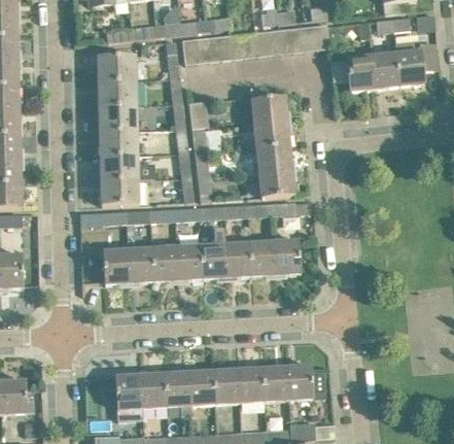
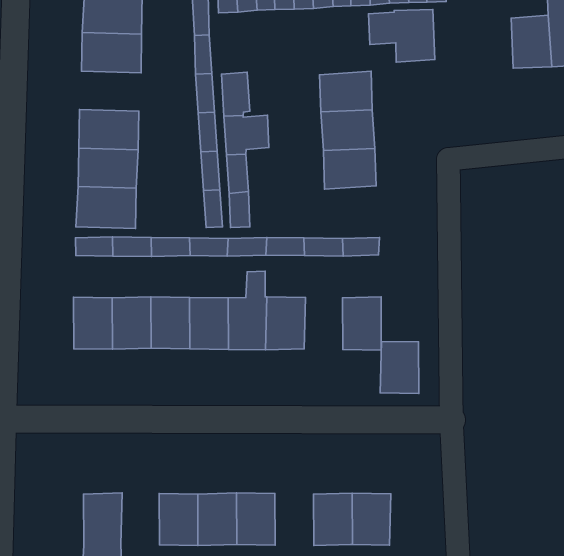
building: [330,57,375,92] -> [368,9,435,62]
building: [99,105,137,131] -> none
building: [258,169,294,198] -> none
building: [250,242,276,276] -> [380,341,419,393]
building: [238,369,265,403] -> none
building: [140,374,166,408] -> none

